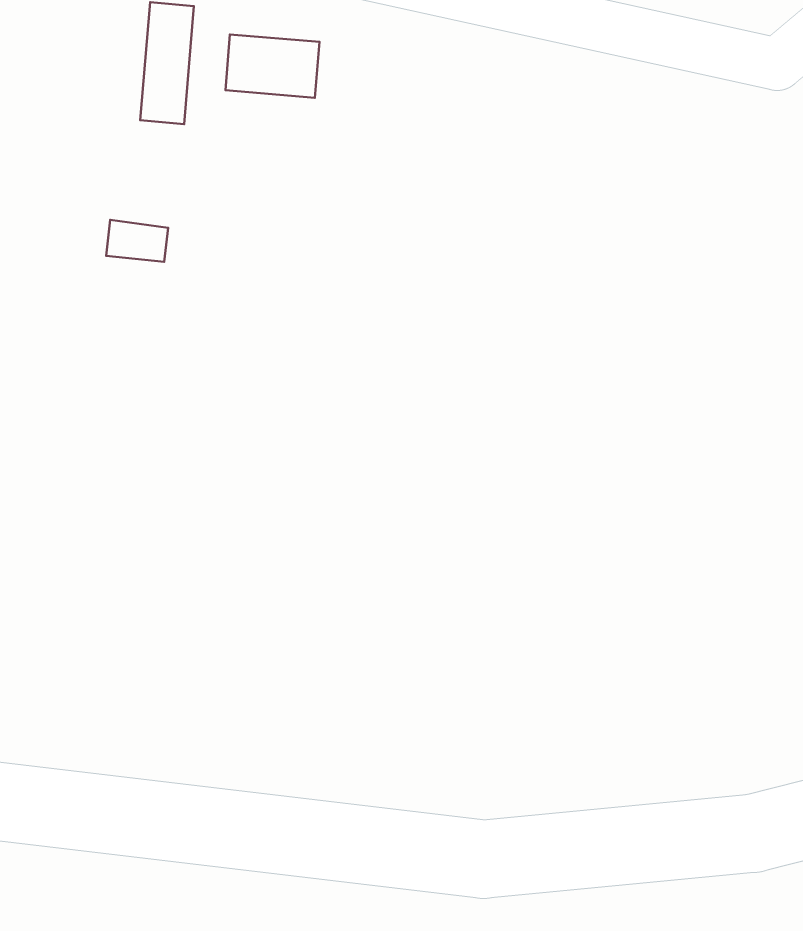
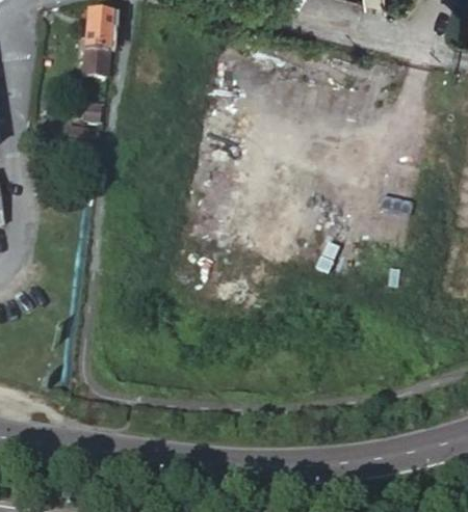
building: [225,34,319,98] -> none

